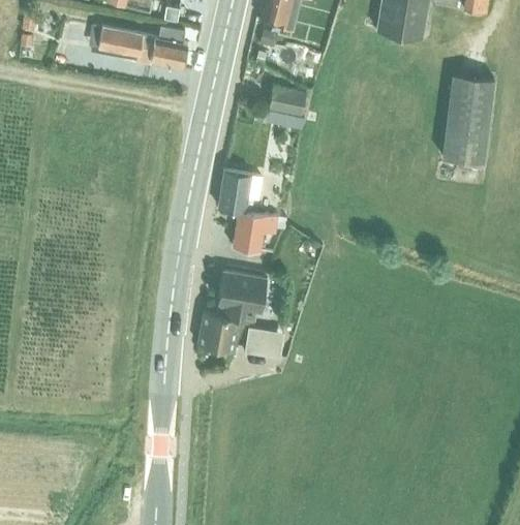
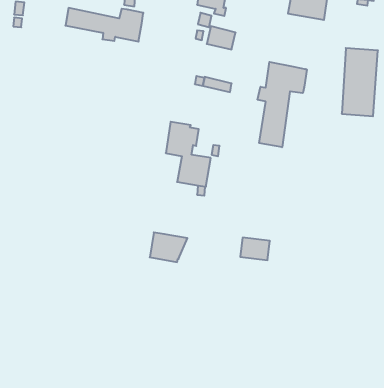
building: [269,89,306,119] -> [207,26,236,49]
building: none -> [258,62,307,147]
building: [216,272,267,322] -> none
building: [245,332,283,361] -> [240,238,270,260]

